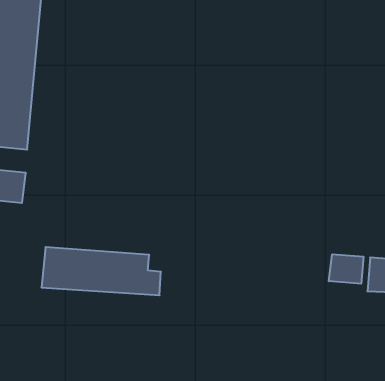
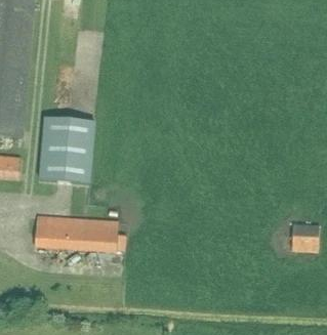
building: none -> [38,117,96,185]
building: [329,254,363,284] -> none

